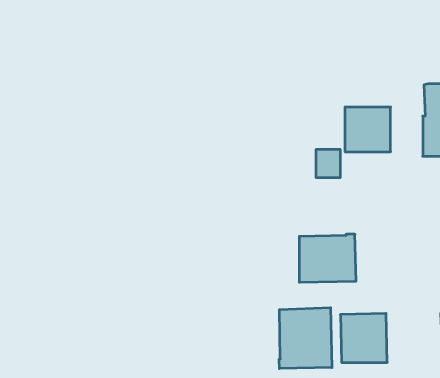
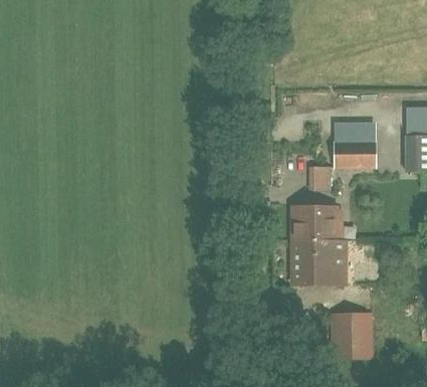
building: none -> [291,206,339,243]
building: [279,308,332,369] -> none

